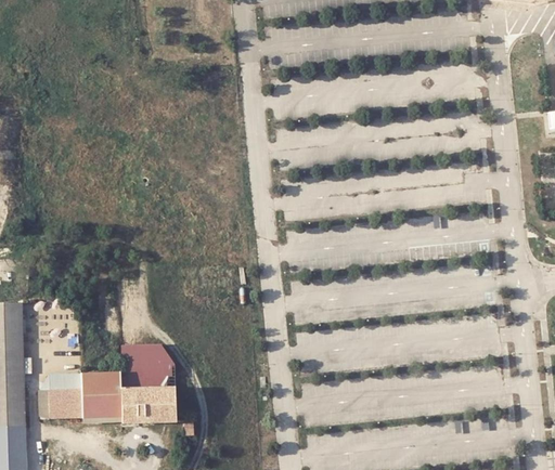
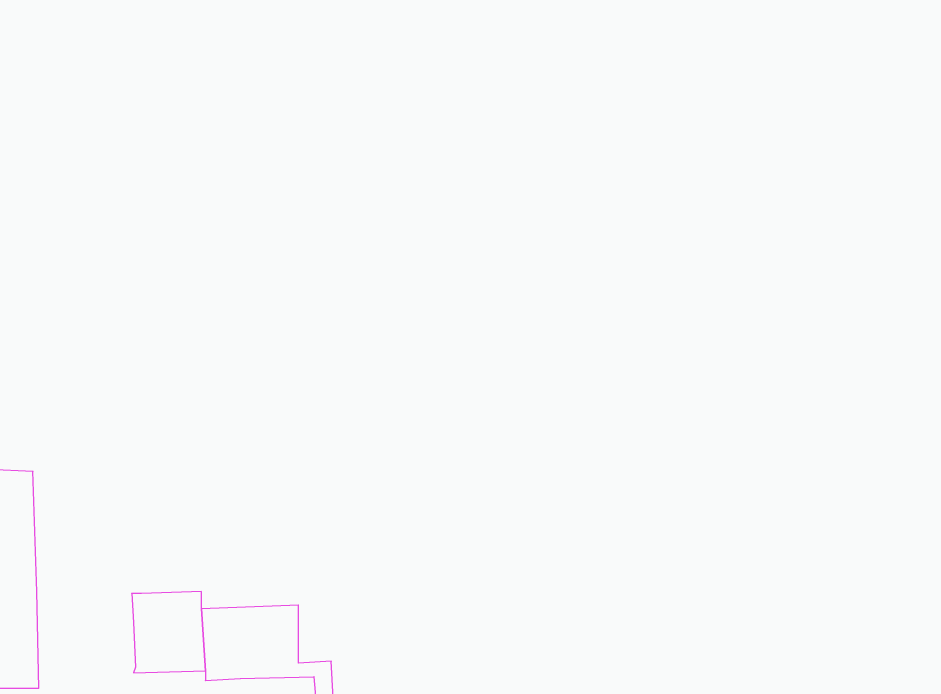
building: [116,342,171,384] -> none
building: [37,371,80,418] -> none

